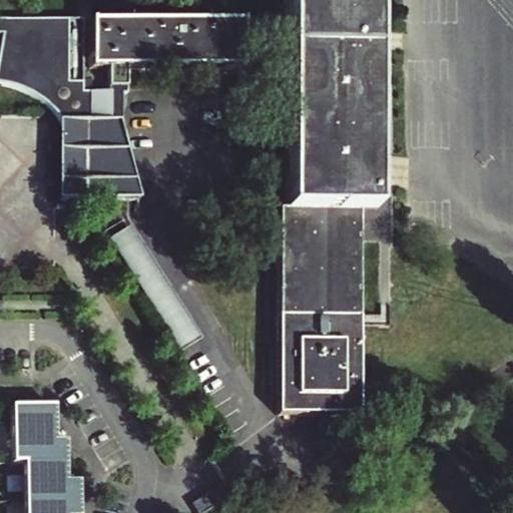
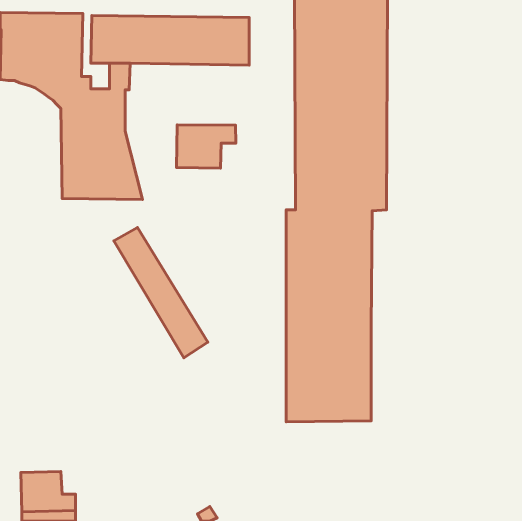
building: none -> [176,125,236,168]
building: [14,404,65,458] -> none

